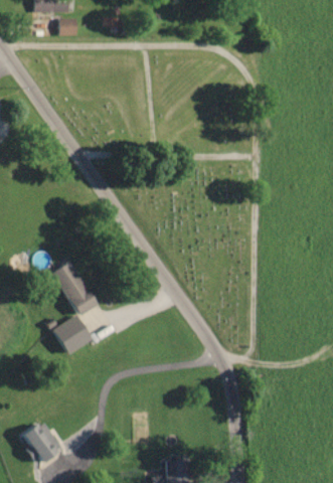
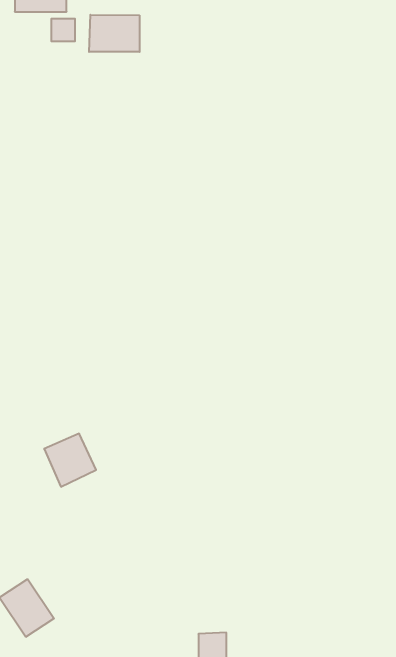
building: none -> [89,15,140,52]
building: [51,260,98,316] -> none

